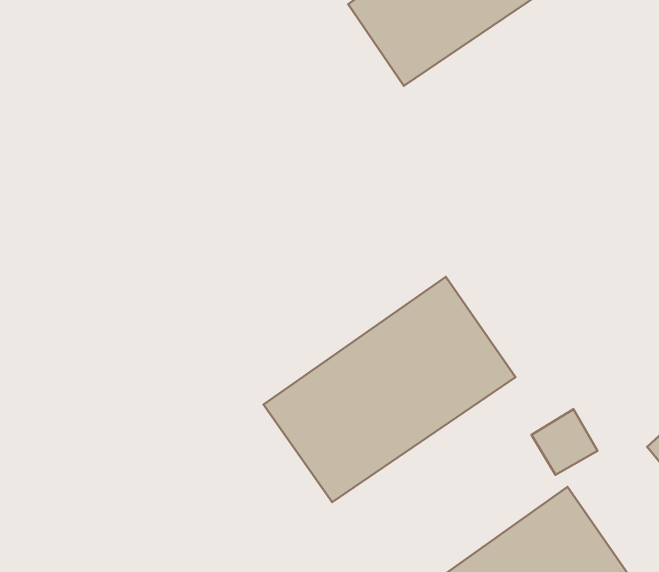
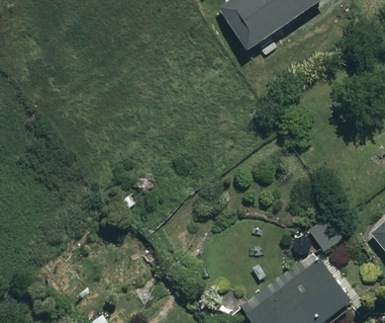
building: [264,277,516,502] -> none

